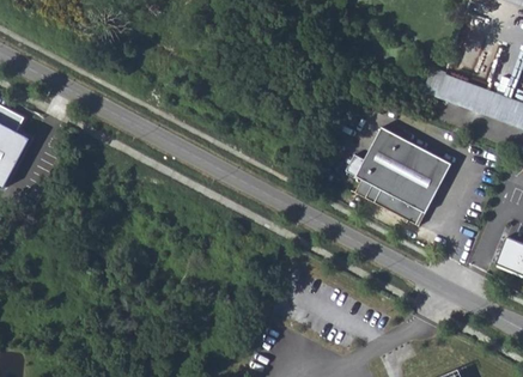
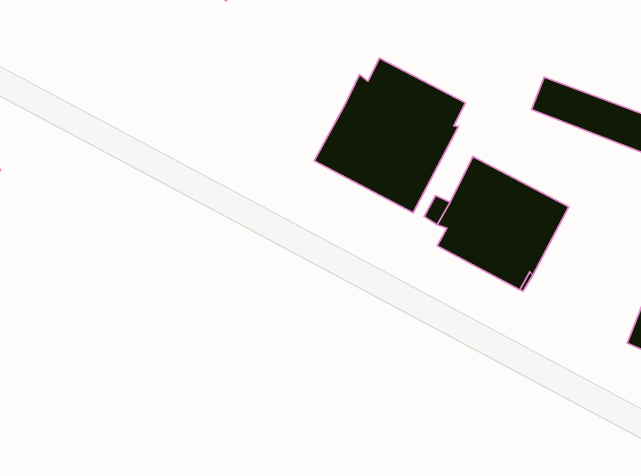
building: none -> [314,58,466,213]

